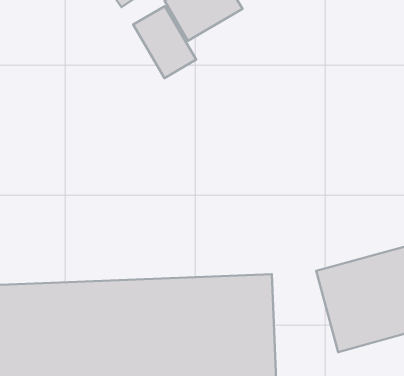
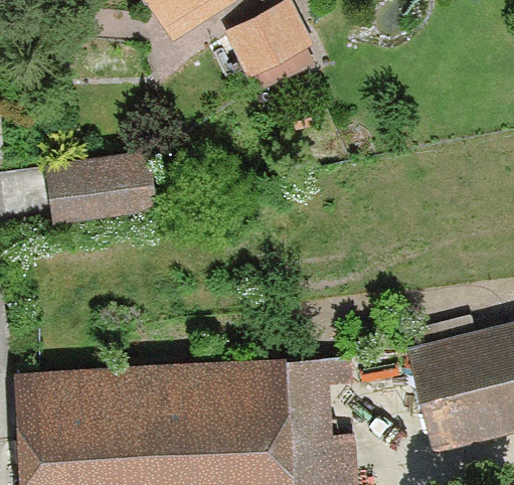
building: [133,6,196,78] -> none
building: none -> [45,148,160,221]

